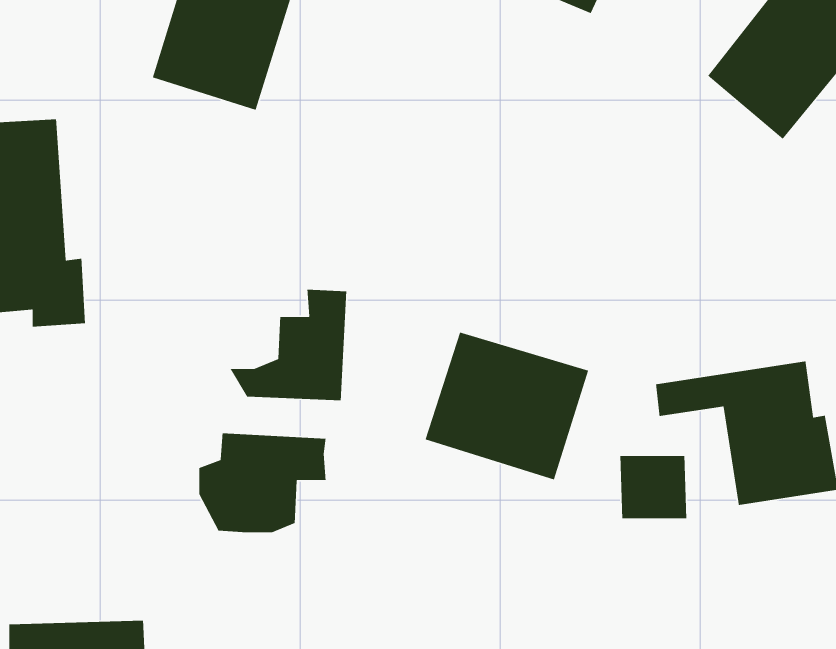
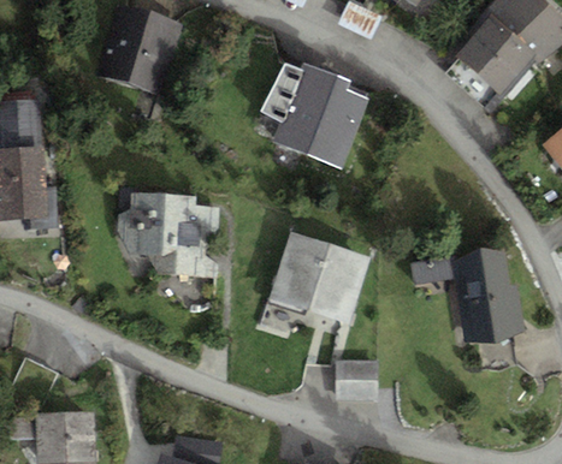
building: none -> [260,61,369,169]
building: [199,432,326,533] -> [117,192,196,255]
building: [619,455,687,519] -> [336,359,378,399]

